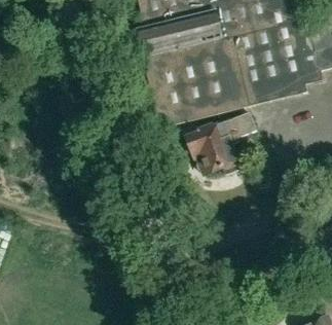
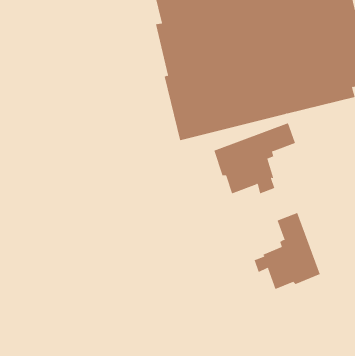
building: none -> [254,212,321,290]

